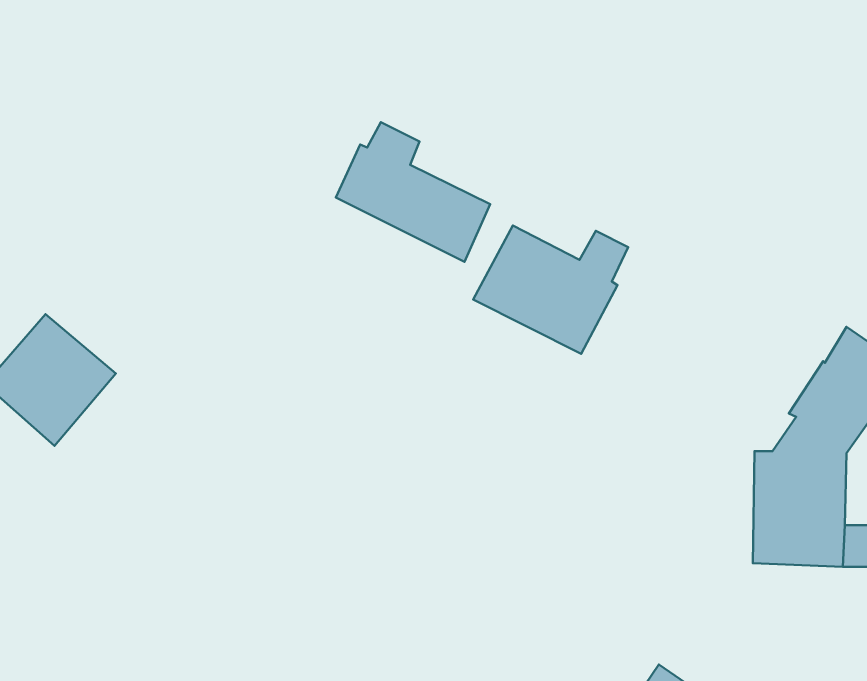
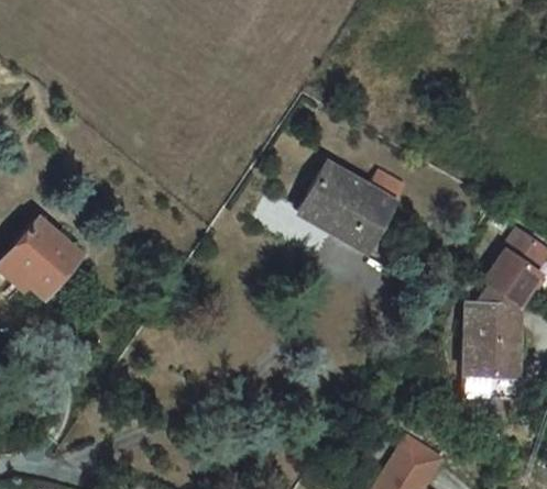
building: [336,122,490,262] -> none

